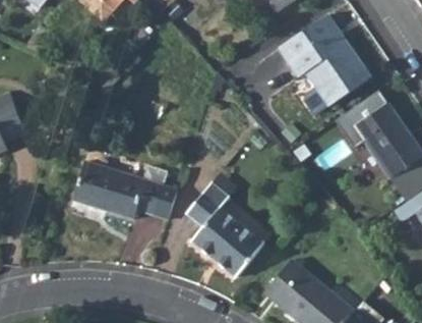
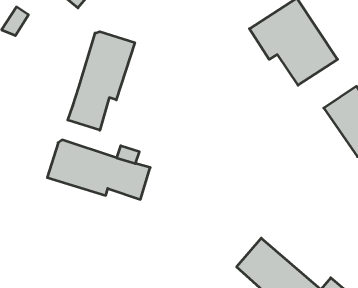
building: none -> [68,32,135,130]
building: [189,184,263,278] -> none

